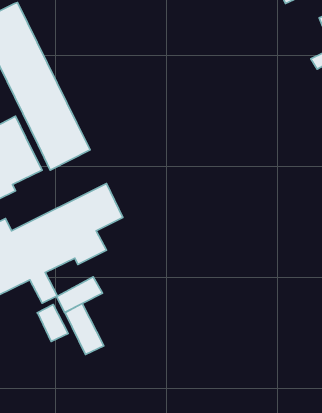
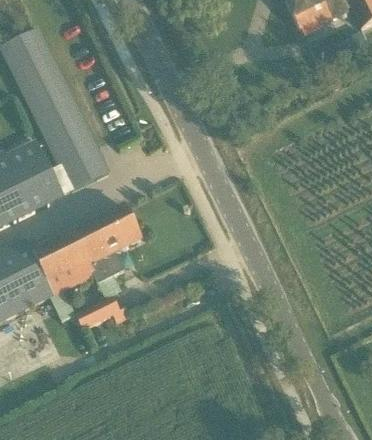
building: [65,304,104,354] -> none
building: [37,304,68,342] -> none

